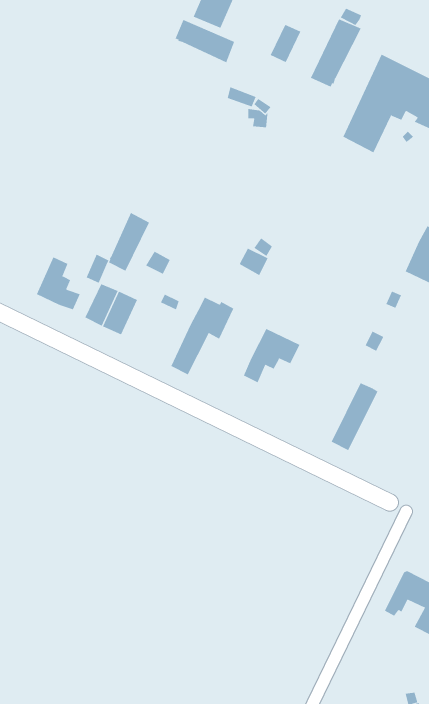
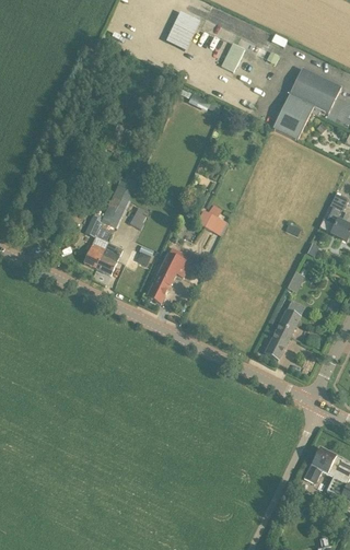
building: [310,19,362,88] -> none
building: [175,19,235,63] -> none
building: [36,257,81,310] -> none
building: [243,328,300,383] -> none

